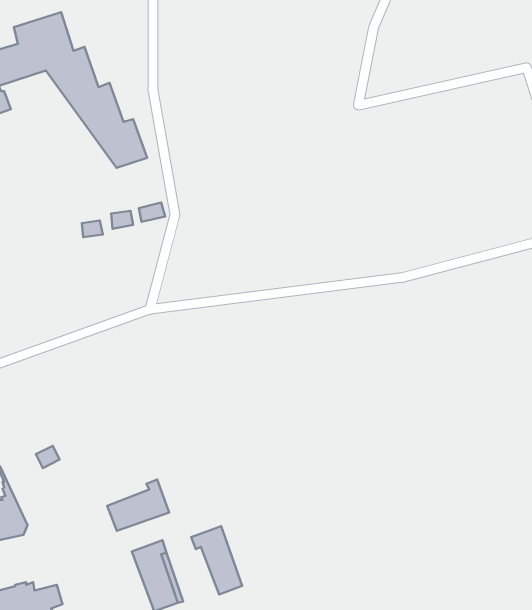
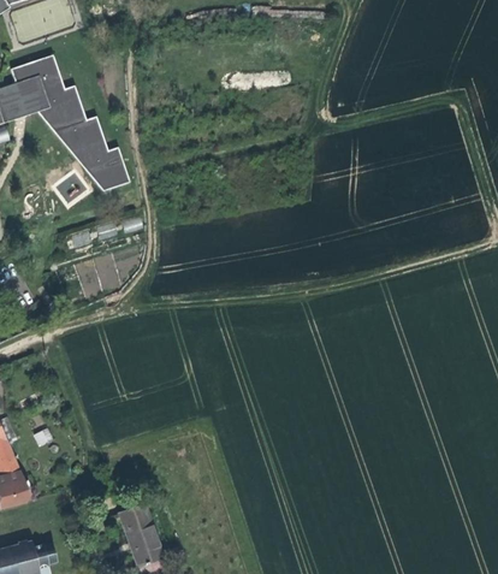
building: [107,480,169,531] -> none
building: [191,526,242,594] -> none

